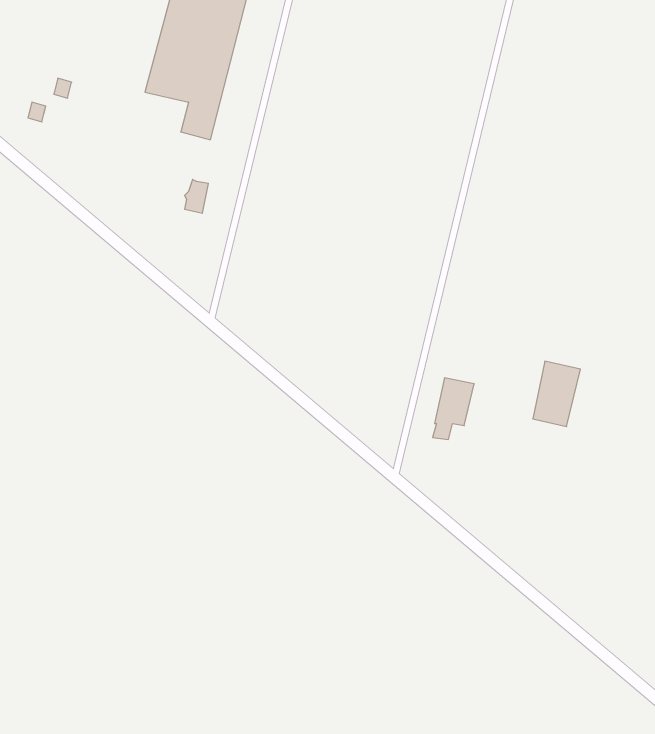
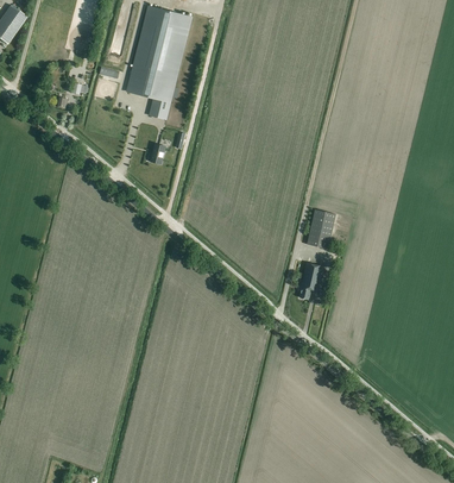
building: [533,361,580,427] -> [307,209,335,249]

